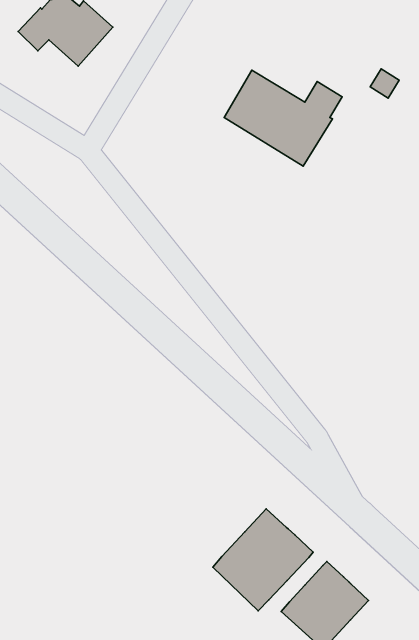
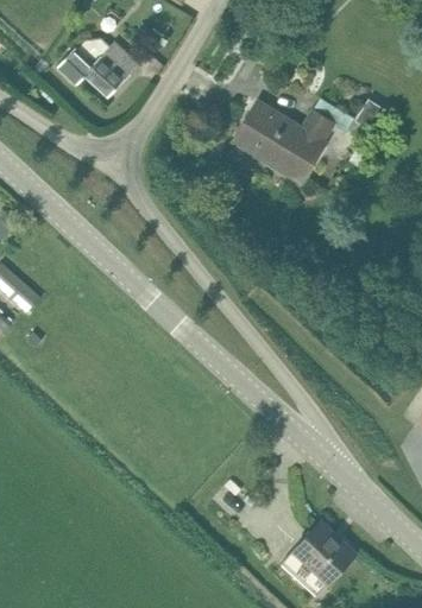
building: [213,509,313,611] -> none

